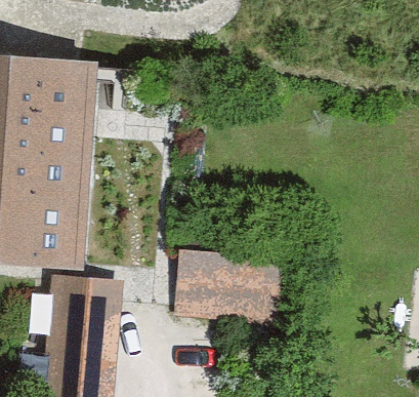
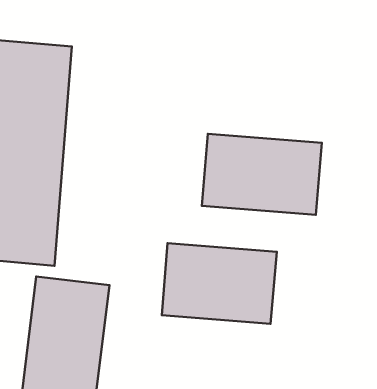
building: none -> [202,134,322,215]

